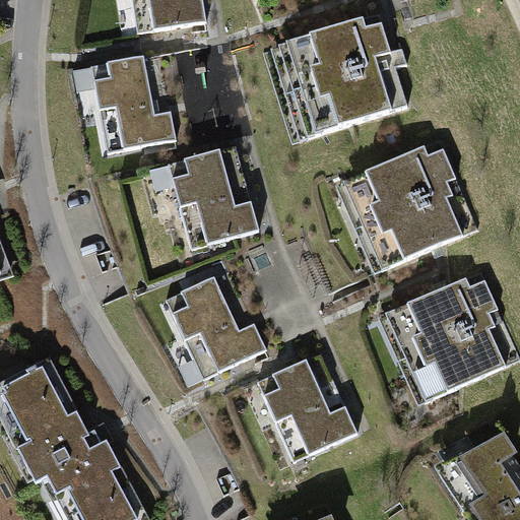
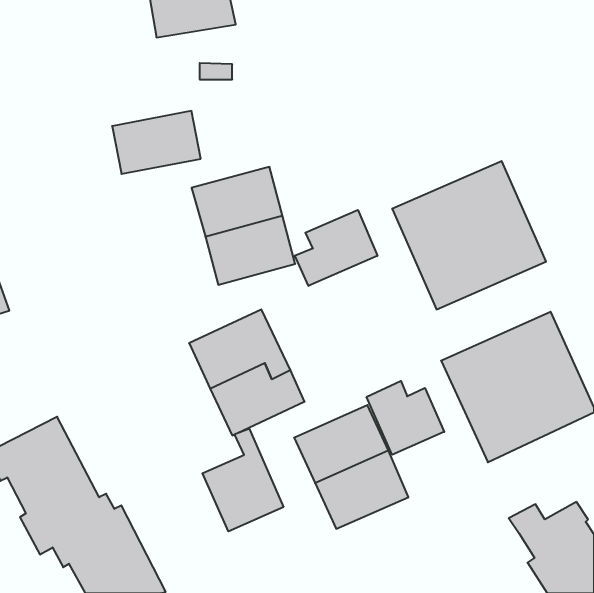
building: [277,13,406,137] -> none
building: [89,53,167,110] -> none
building: none -> [295,210,377,286]
building: none -> [367,381,444,455]
building: none -> [202,429,283,531]

